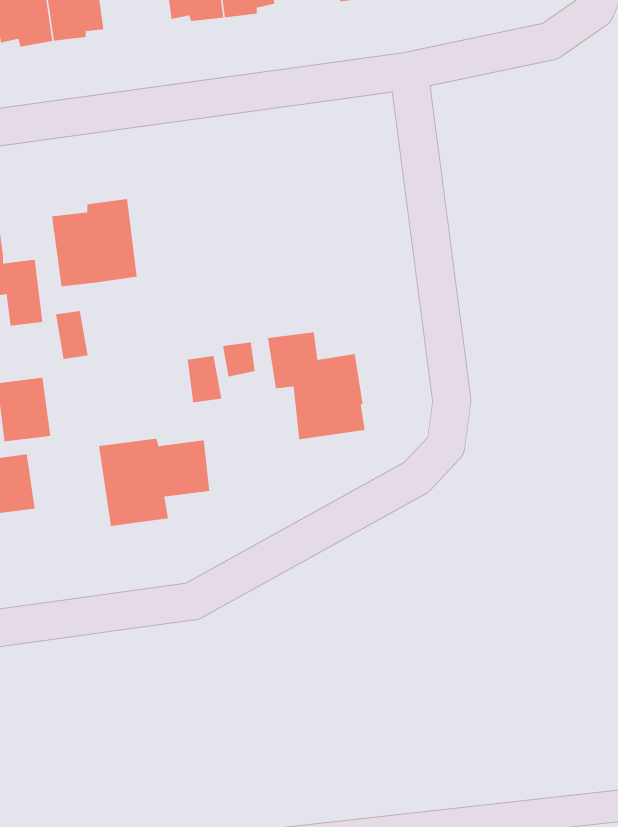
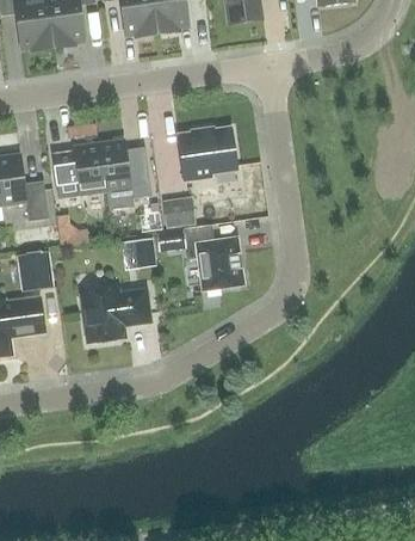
building: none -> [178,127,237,179]
building: none -> [99,139,151,208]
building: none -> [162,196,196,228]

